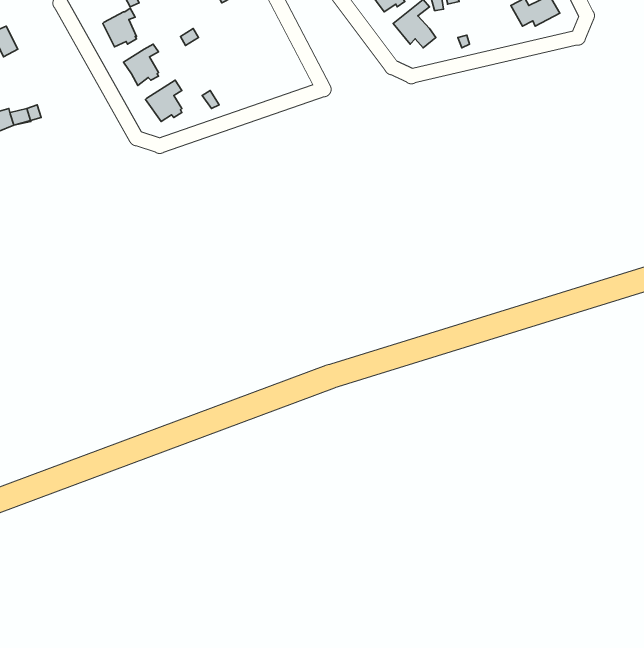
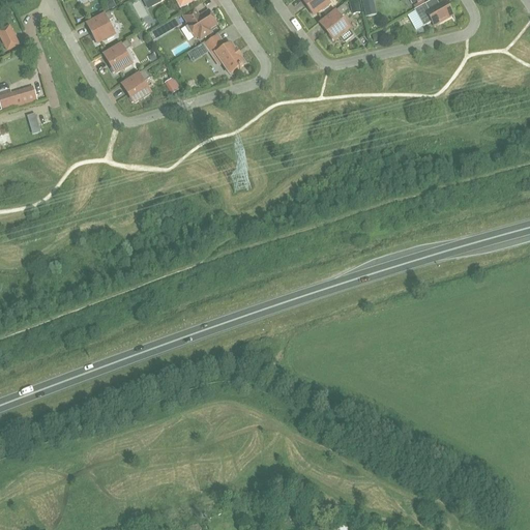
building: none -> [182,6,216,37]
building: none -> [204,32,243,71]

